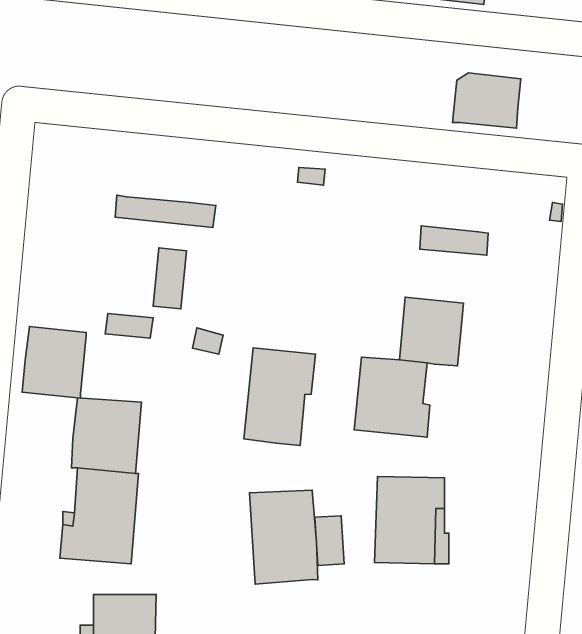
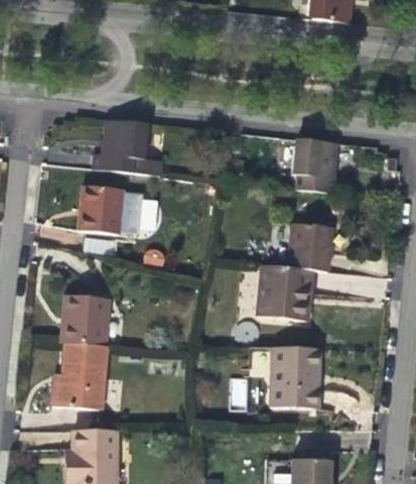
building: [452,73,521,128] -> [297,140,344,178]
building: none -> [99,118,146,158]
building: [22,327,86,398] -> [77,184,121,233]
building: [244,348,316,445] -> none
building: [250,490,318,584] -> none

